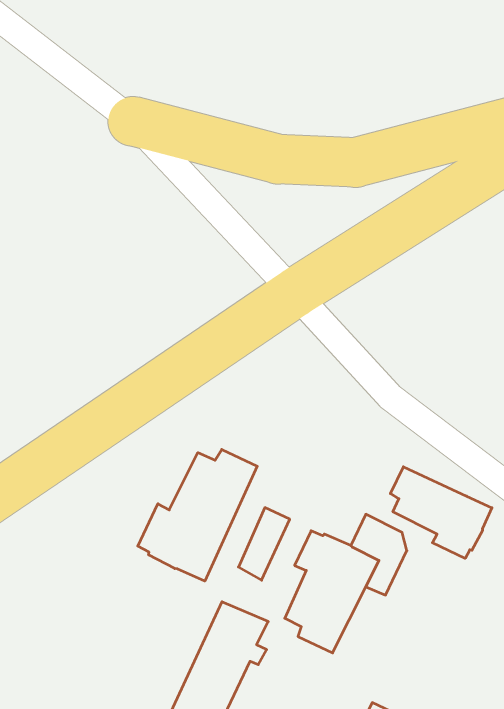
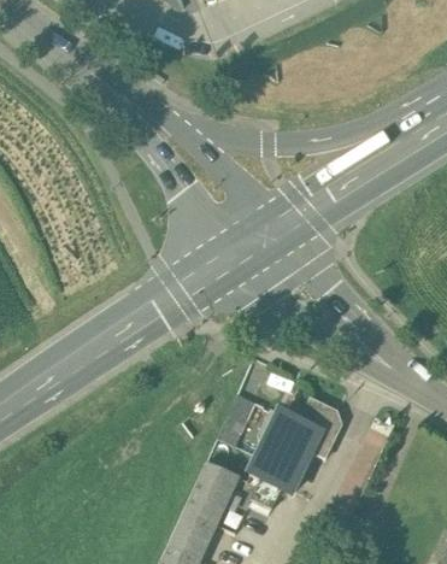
building: [138,449,257,581] -> none
building: [390,467,492,558] -> none

